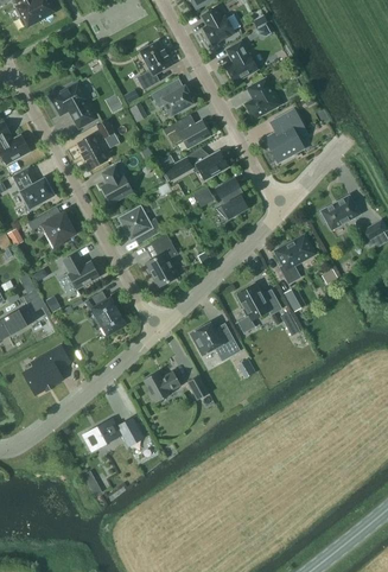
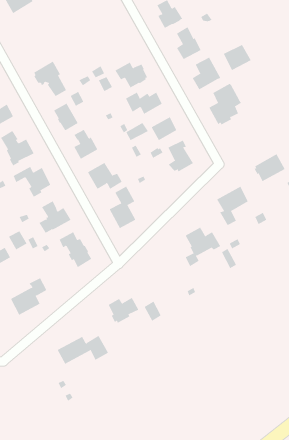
building: [136,40,171,89] -> none
building: none -> [223,44,251,71]
building: [190,322,240,360] -> none

